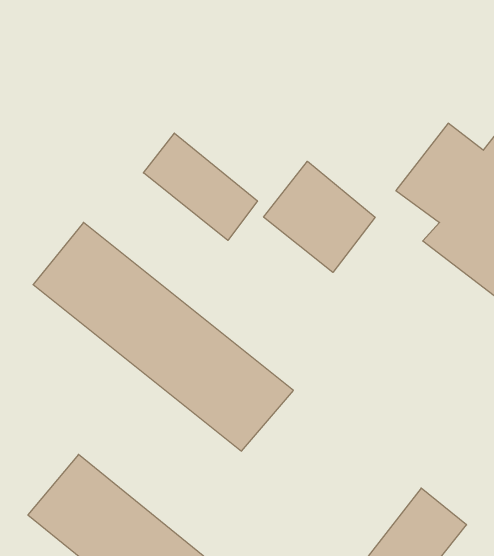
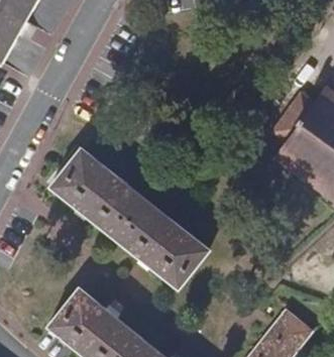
building: [143,133,257,240] -> none
building: [264,161,375,272] -> none

